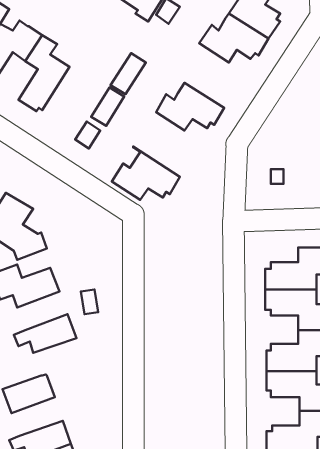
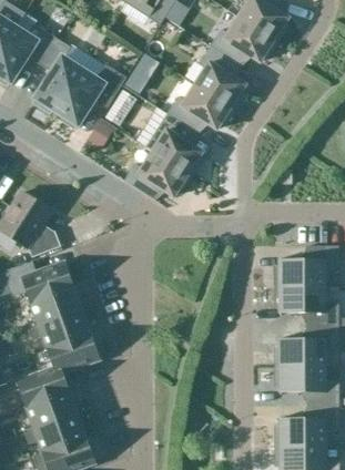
building: none -> [195,44,245,108]
building: none -> [57,64,126,127]
building: none -> [145,112,202,175]
building: none -> [32,287,81,325]
building: none -> [48,333,98,369]
building: none -> [27,390,77,428]

